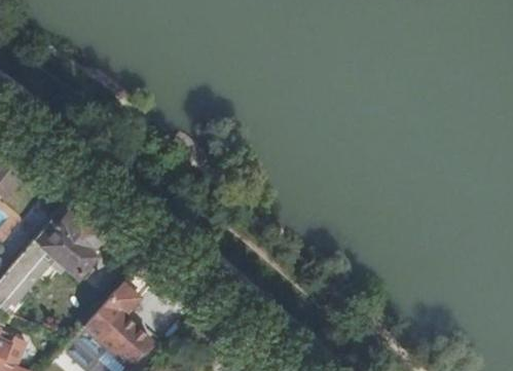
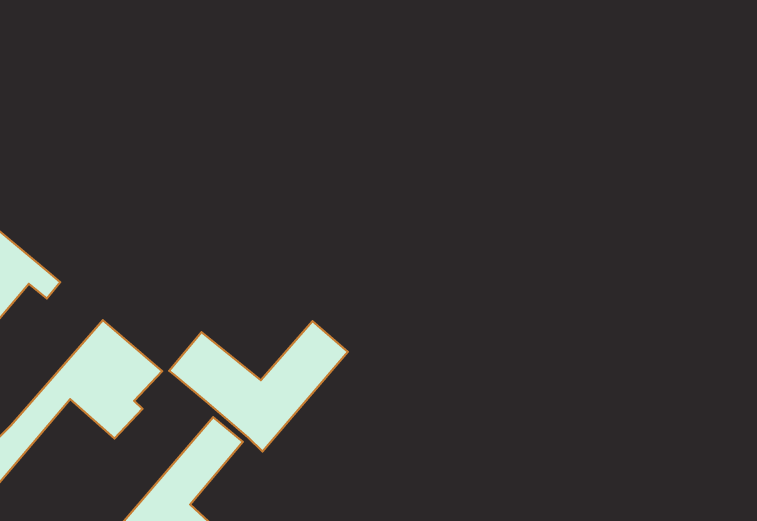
building: none -> [169,321,348,451]

